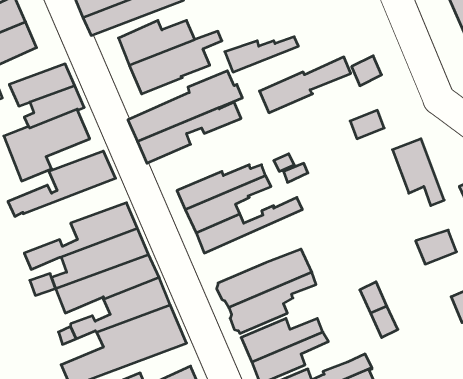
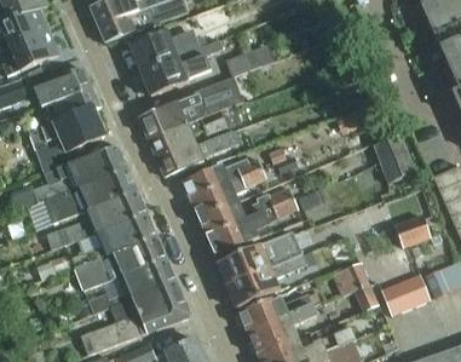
building: [259,57,351,113] -> [156,126,237,176]
building: none -> [46,169,138,224]
building: none -> [207,197,299,255]
building: none -> [381,274,431,315]

